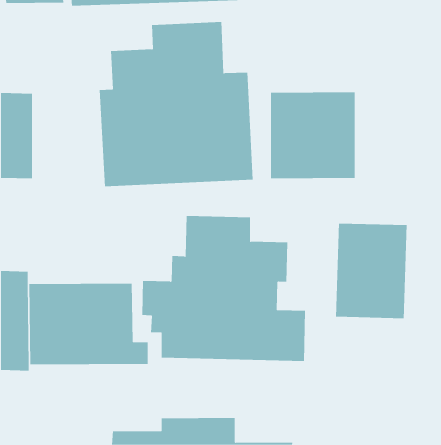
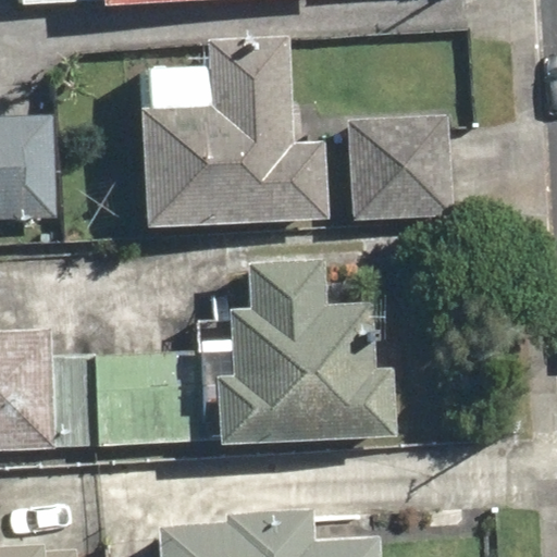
building: [335,223,407,319] -> none

